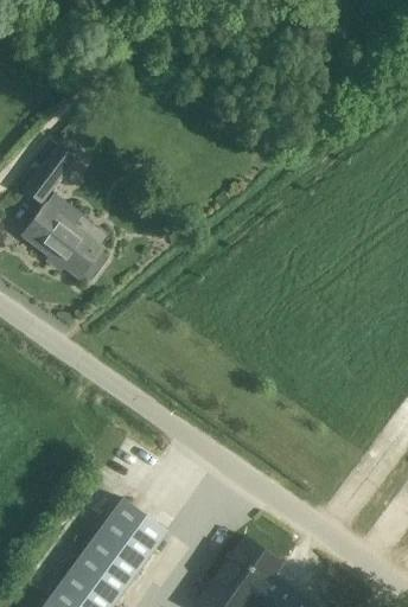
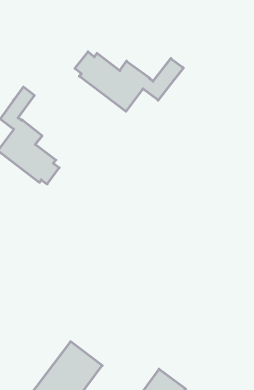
building: none -> [75,52,183,111]

